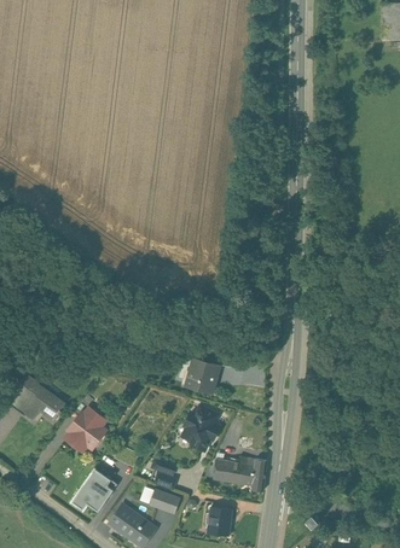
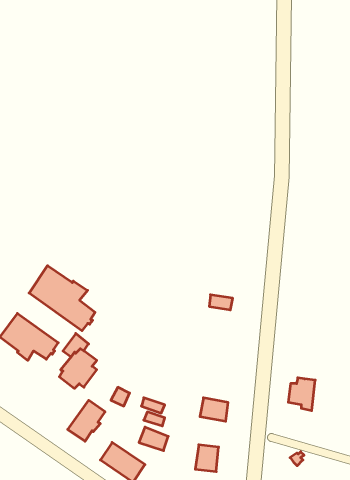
building: none -> [29,266,95,331]
building: [184,358,218,395] -> none
building: [182,406,219,451] -> none
building: [238,459,266,492] -> [288,378,315,411]

